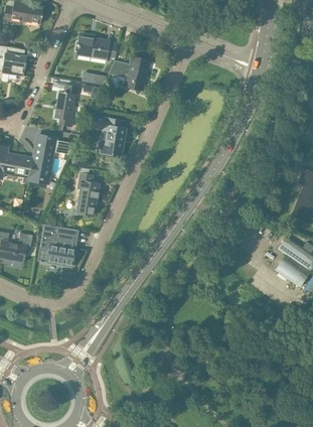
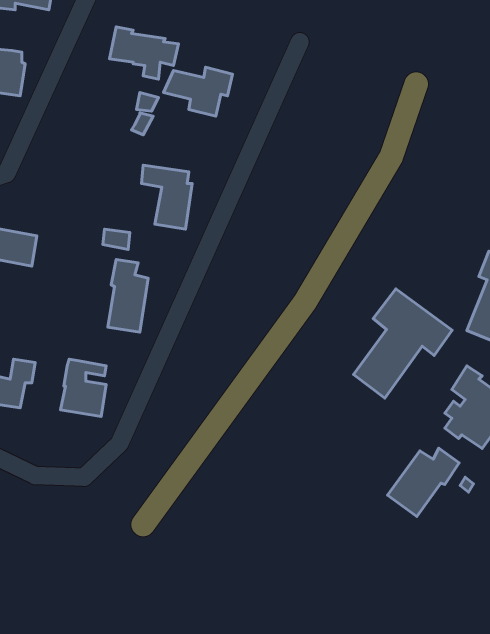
building: [55,85,77,126] -> none
building: [29,135,56,183] -> none
building: none -> [354,289,452,398]
building: none -> [387,448,459,517]

